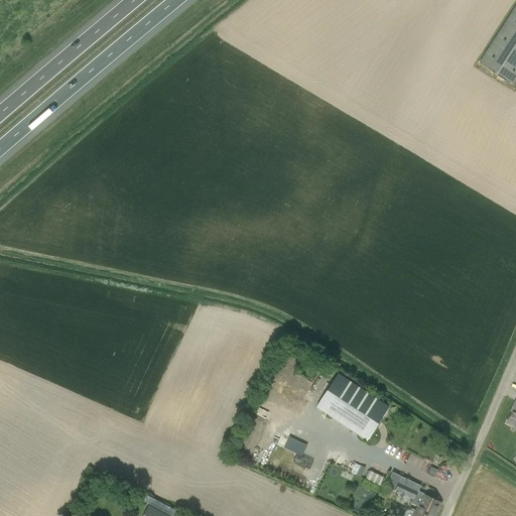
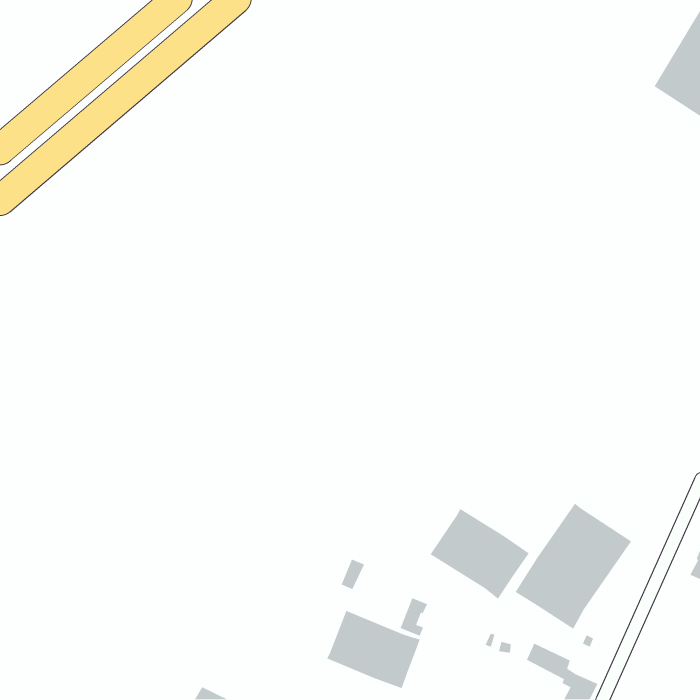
building: none -> [515,503,632,630]
building: none -> [326,610,421,689]

